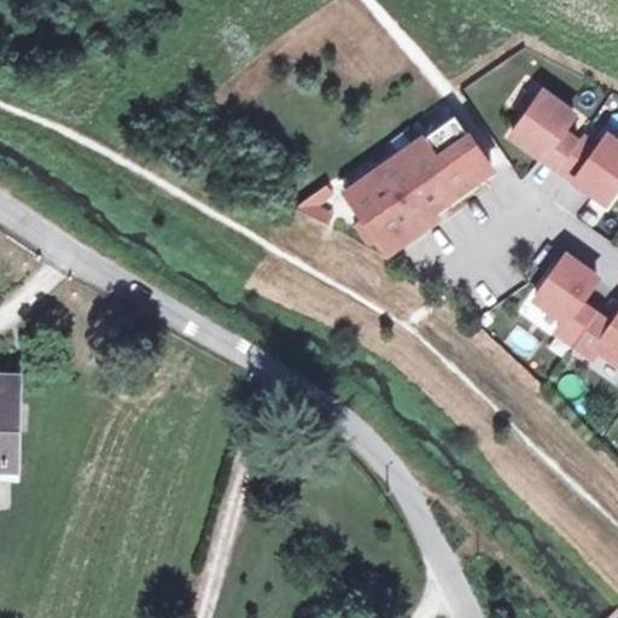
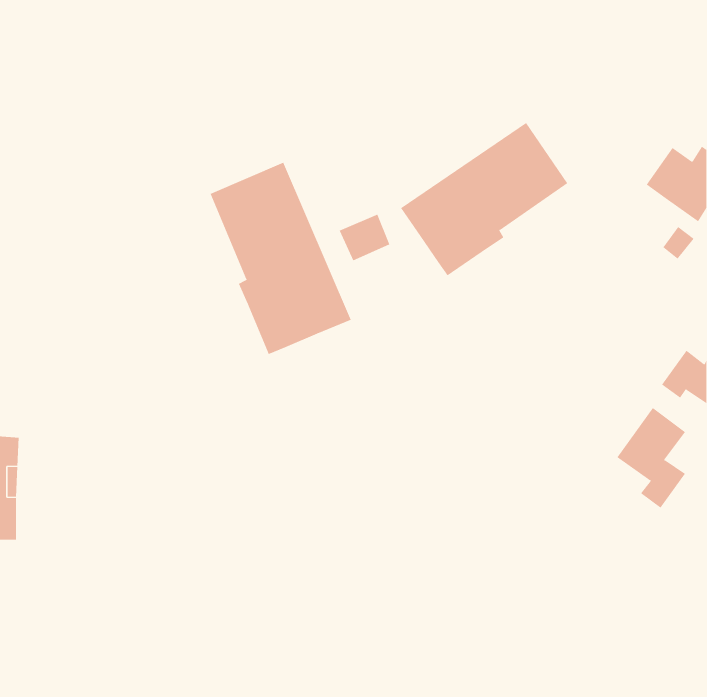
building: [514,94,581,171] -> none
building: none -> [210,162,351,355]
building: [536,257,596,345] -> [616,407,686,509]

